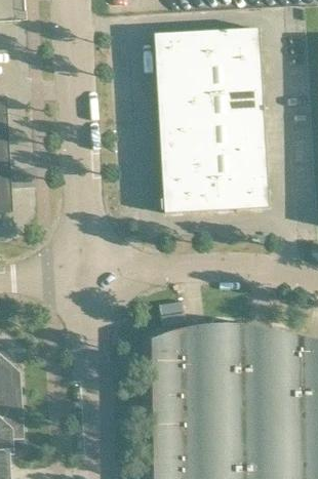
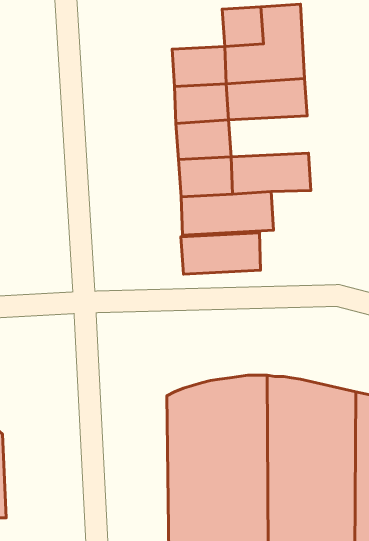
building: [154,32,198,64] -> none
building: [201,117,265,150] -> [181,233,261,274]
building: [235,176,269,208] -> none

